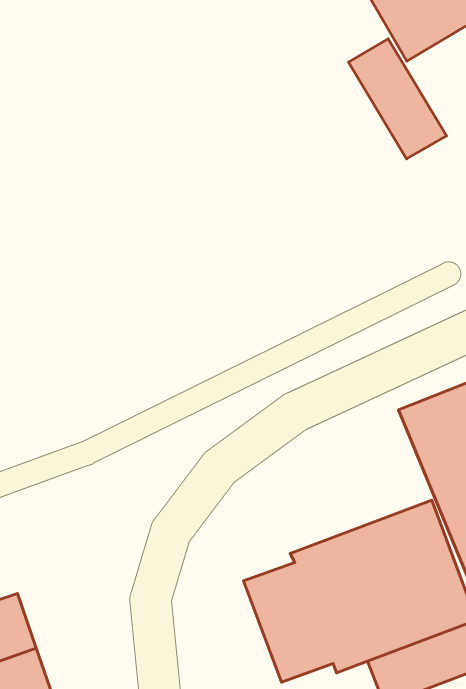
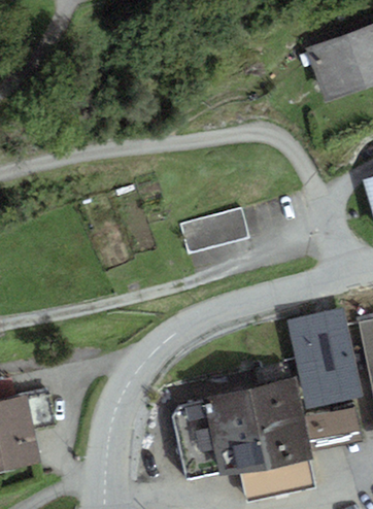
building: [348,39,446,159] -> none
building: none -> [183,204,250,249]

